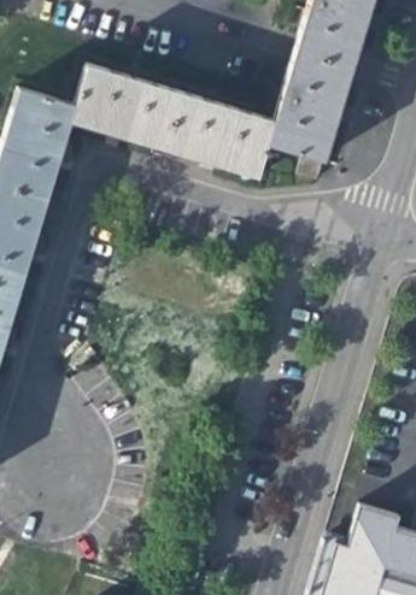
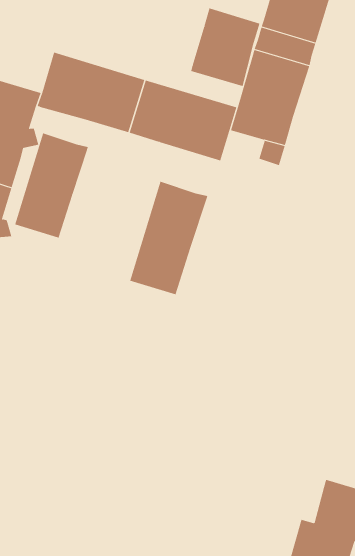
building: none -> [190,8,260,87]
building: none -> [15,133,88,238]
building: none -> [129,181,208,295]

